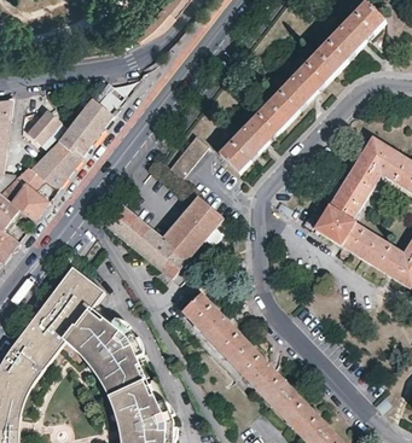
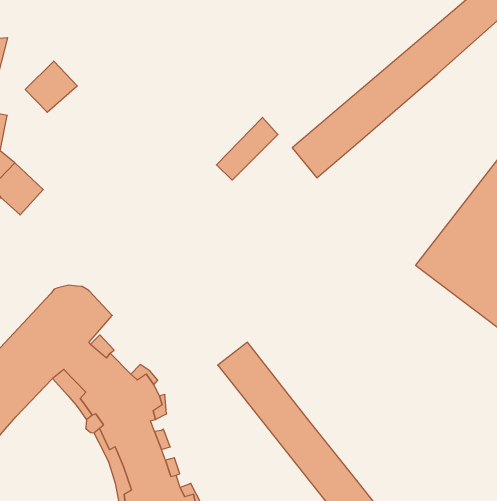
building: [29,99,117,187] -> none
building: [100,199,222,280] -> none

